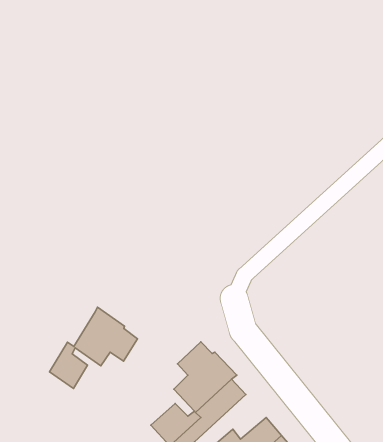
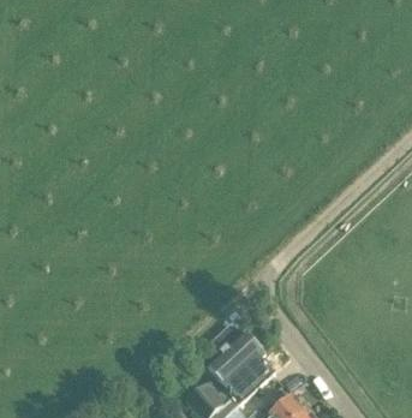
building: [50,307,138,389] -> none

